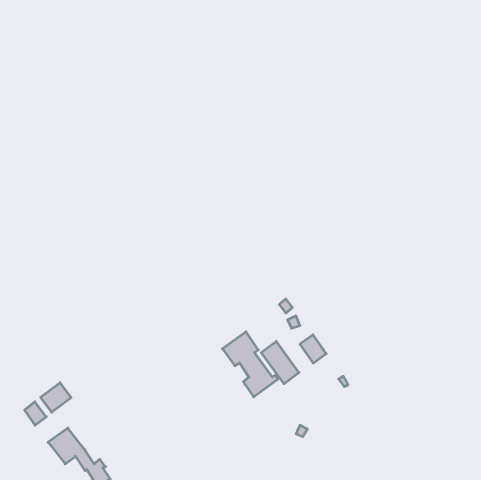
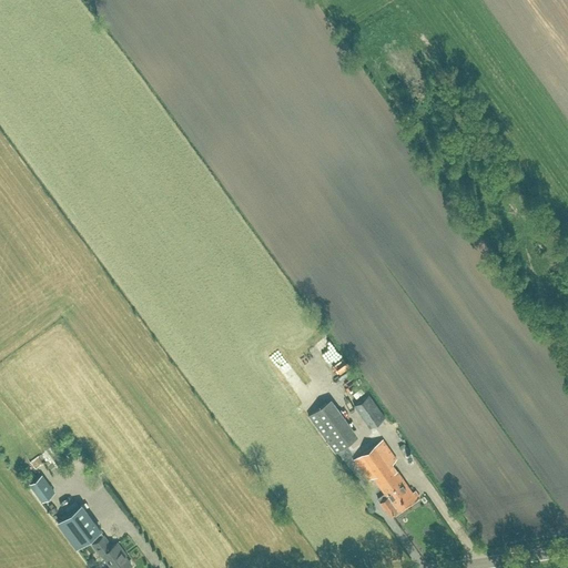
building: [222,332,278,397] -> [354,440,419,517]
building: [41,383,71,412] -> none

